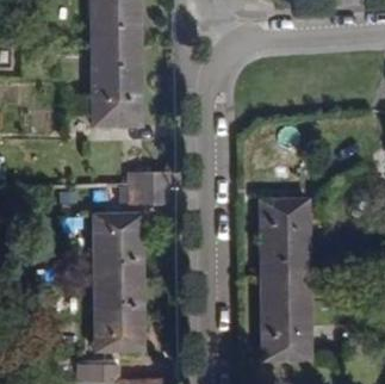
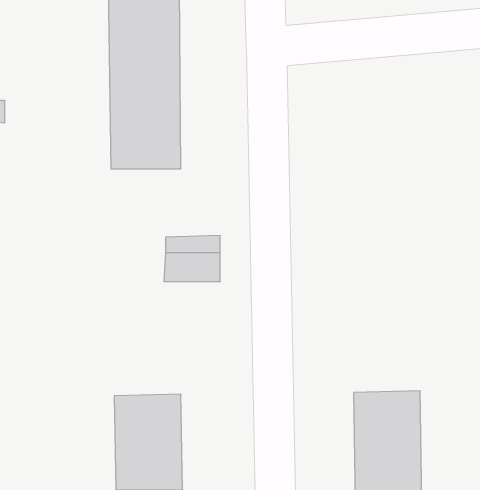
building: [261,199,309,280] -> none
building: [94,215,142,283] -> none

